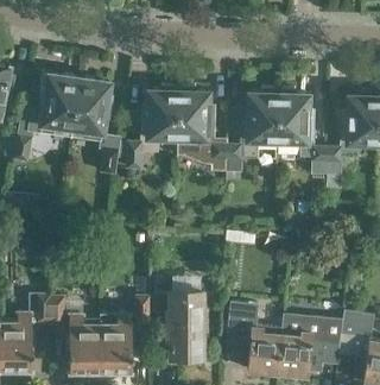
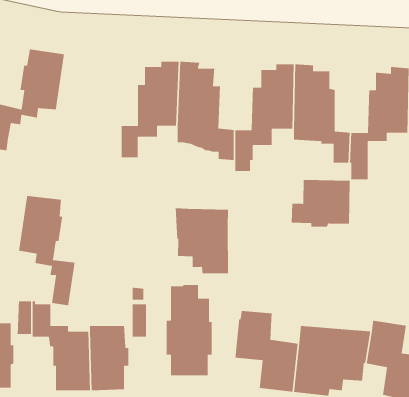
building: [71,78,121,175] -> [18,195,76,306]
building: none -> [291,179,351,227]
building: none -> [175,208,229,274]

